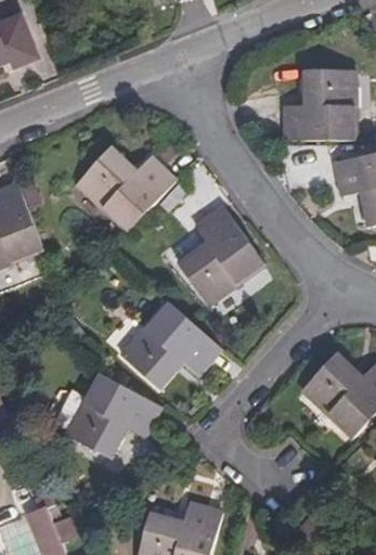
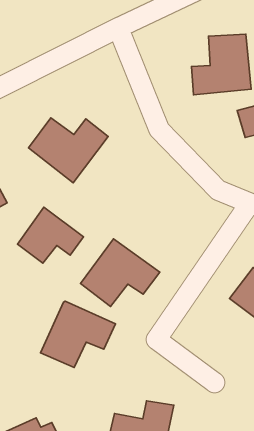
building: [181,207,263,302] -> none
building: none -> [18,207,83,263]

